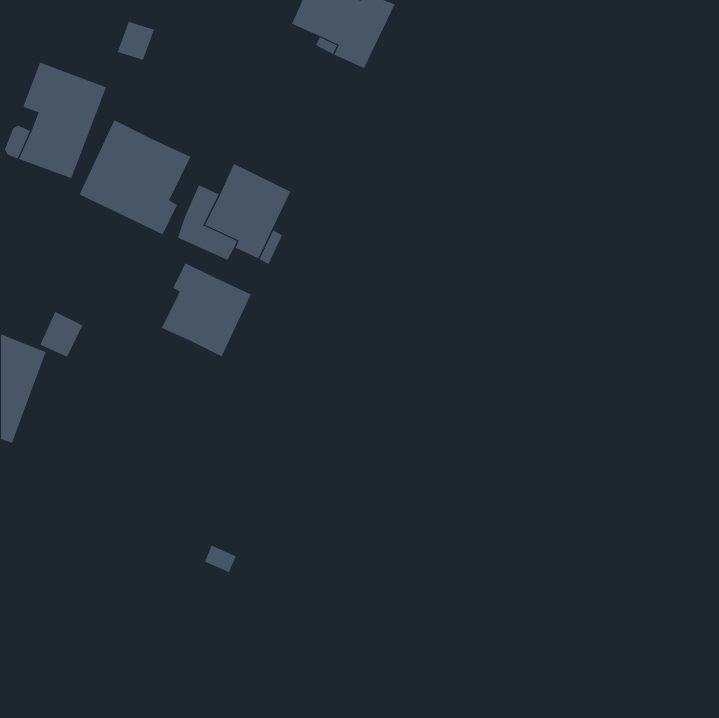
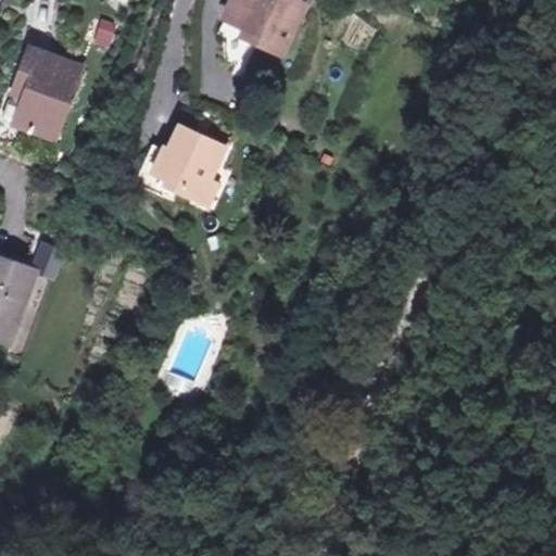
building: [79,119,191,235] -> none
building: [161,262,251,357] -> none

